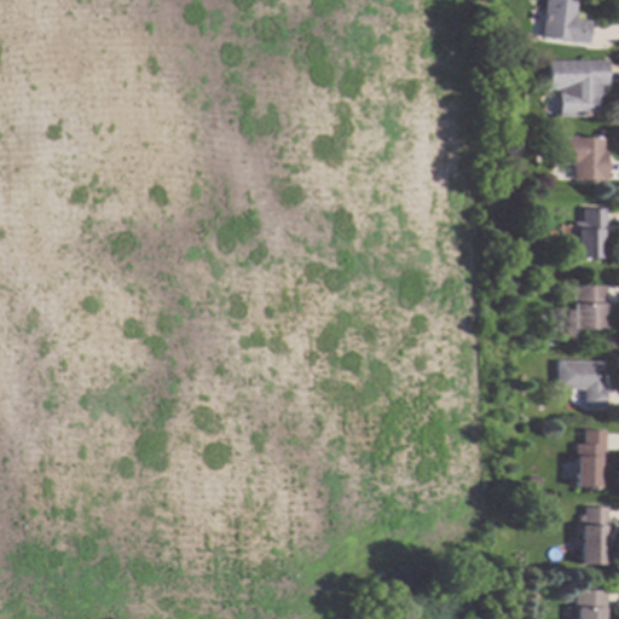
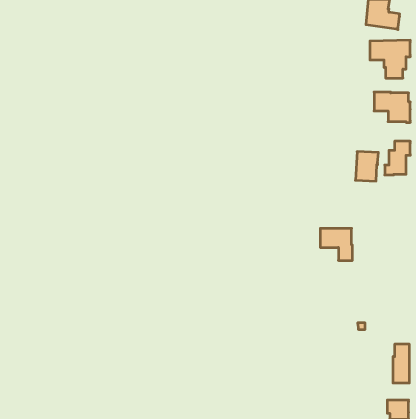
building: [575,284,609,328] -> [355,152,378,181]
building: [560,360,607,407] -> [320,228,352,260]
building: [577,429,606,487] -> none

